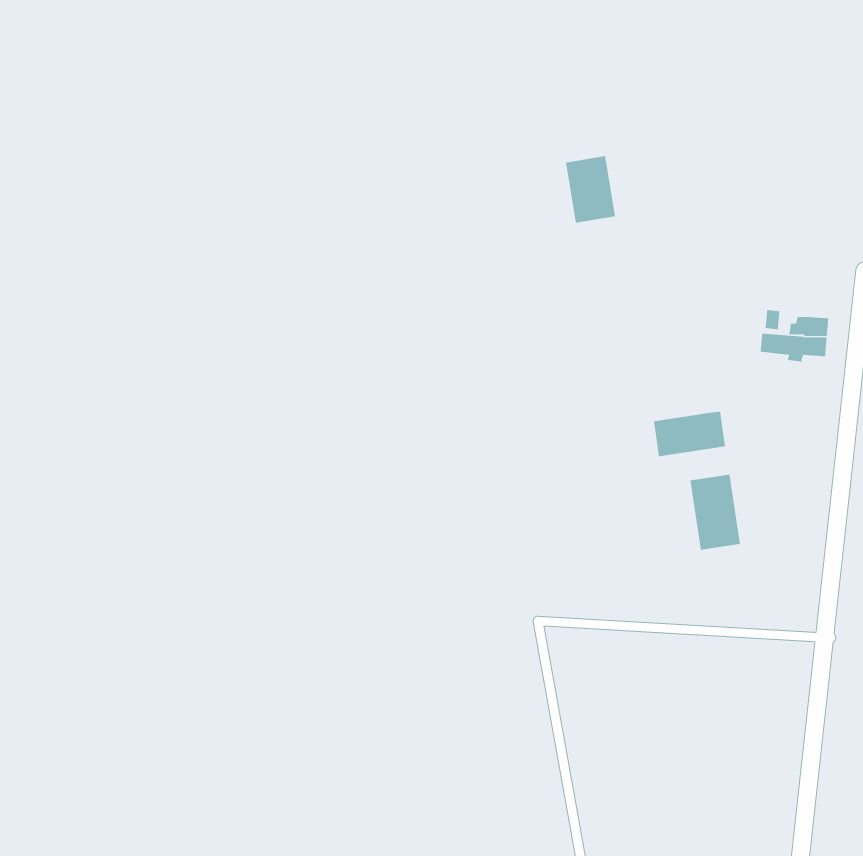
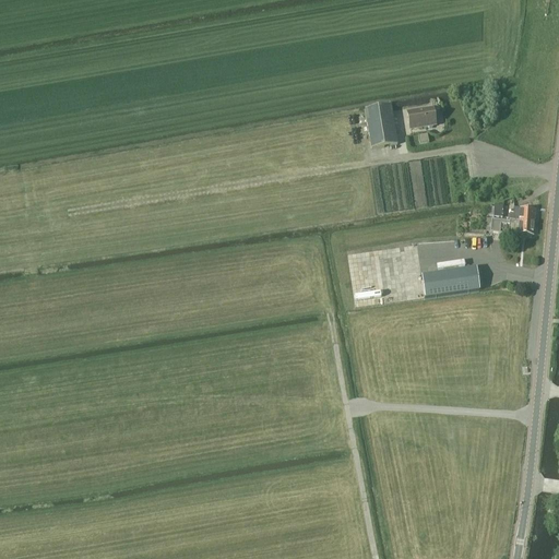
building: none -> [408,103,437,124]
building: [690,474,741,550] -> none

